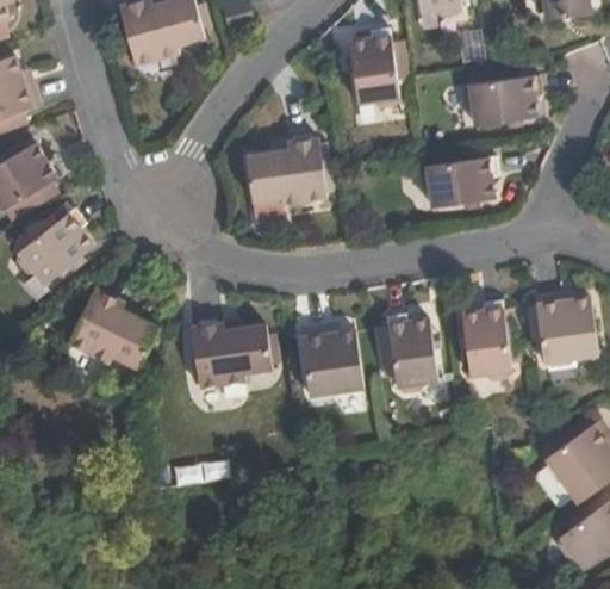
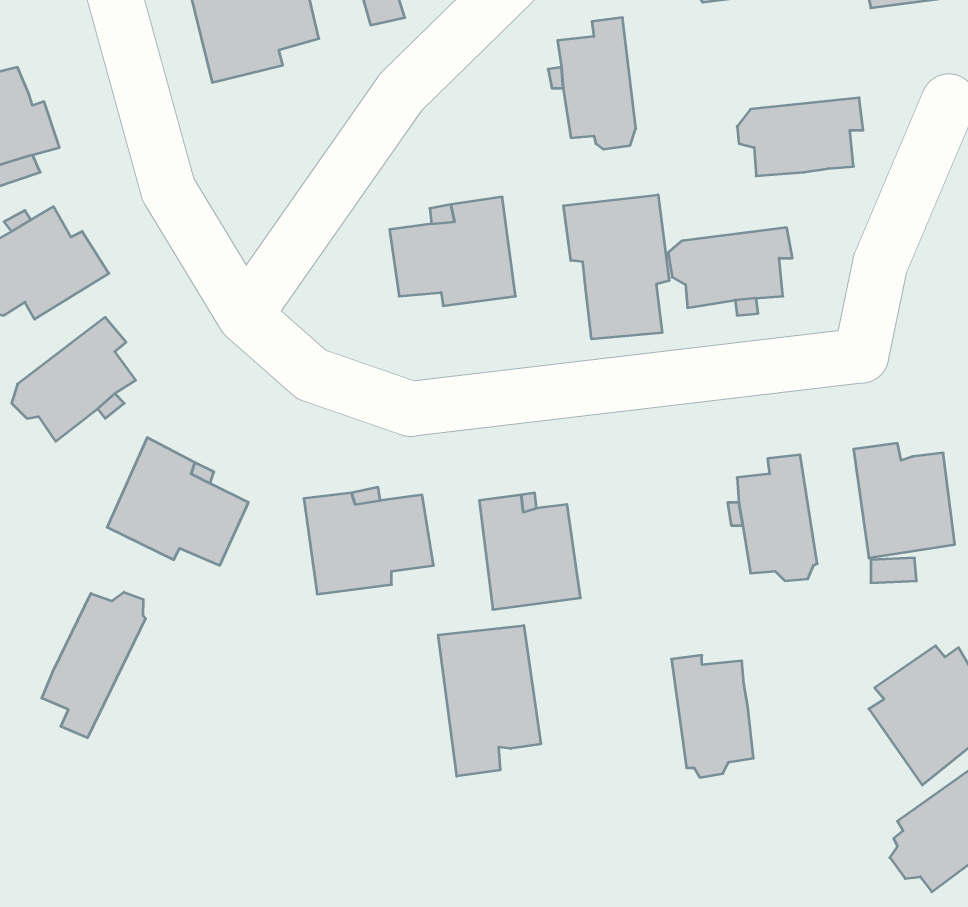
building: none -> [563,195,669,339]
building: [386,314,437,390] -> [671,655,753,777]
building: none -> [42,592,146,738]
building: none -> [438,625,541,776]

